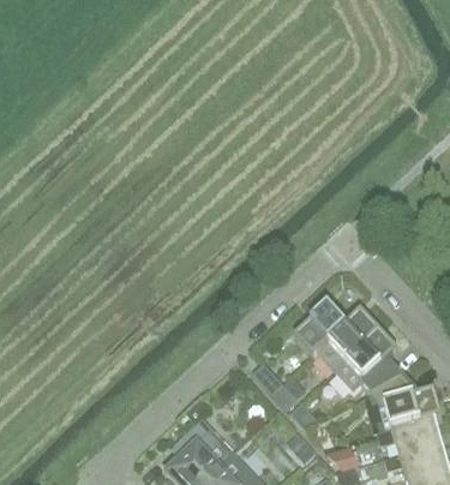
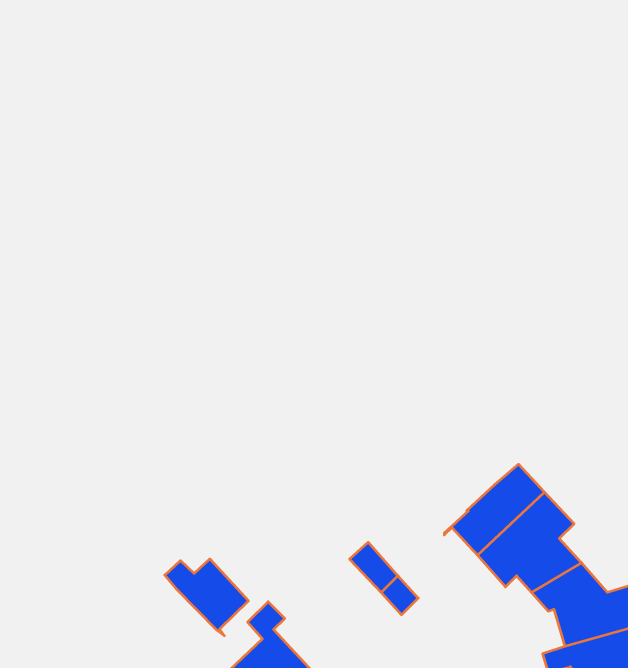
building: [295,306,346,355] -> none
building: none -> [165,559,248,636]

